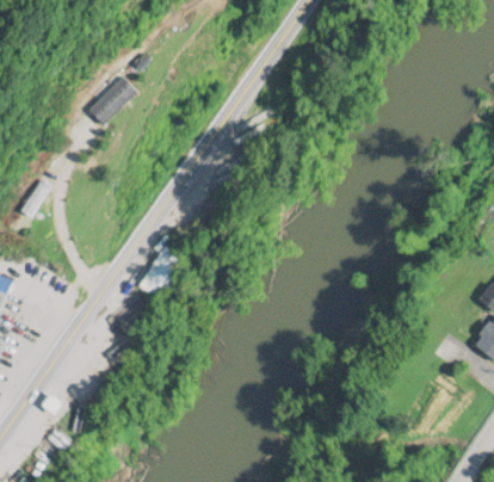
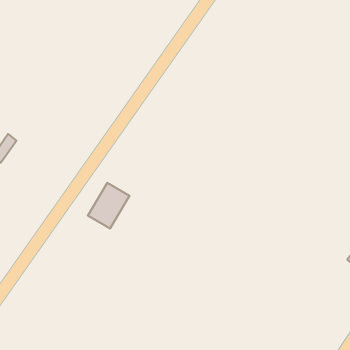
building: [88,75,138,125] -> none

